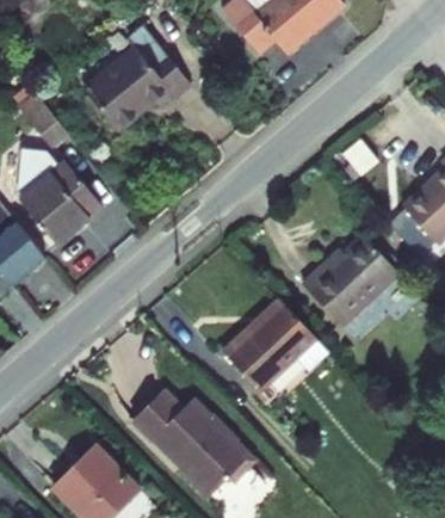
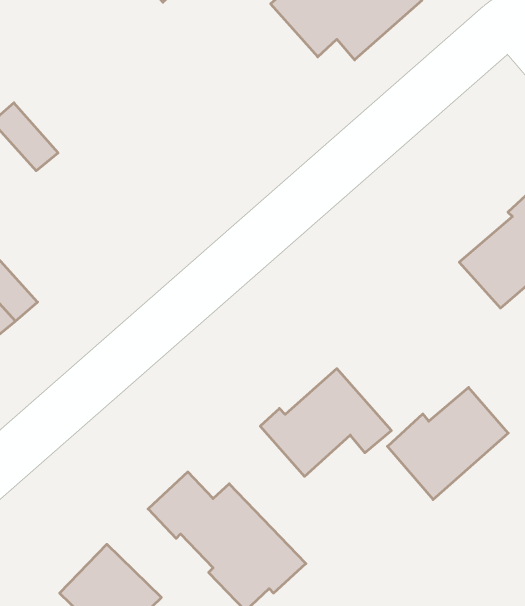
building: [82,26,187,132] -> none
building: [19,153,98,239] -> none
building: [301,239,398,329] -> [387,387,508,500]

